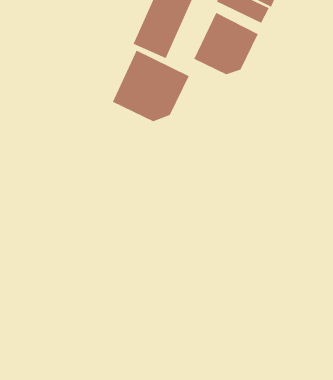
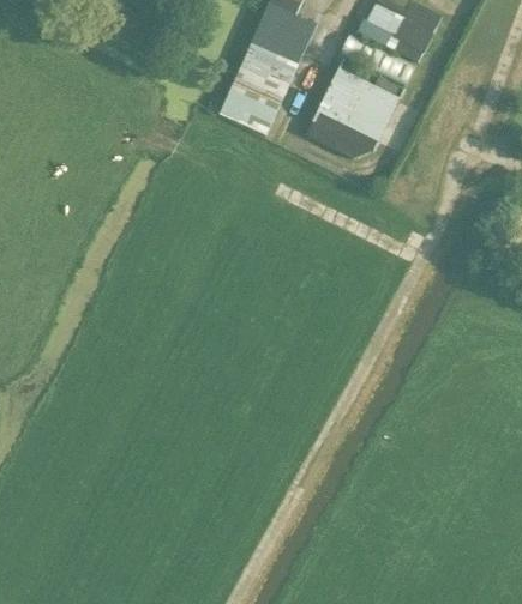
building: [112,50,190,122] -> none

